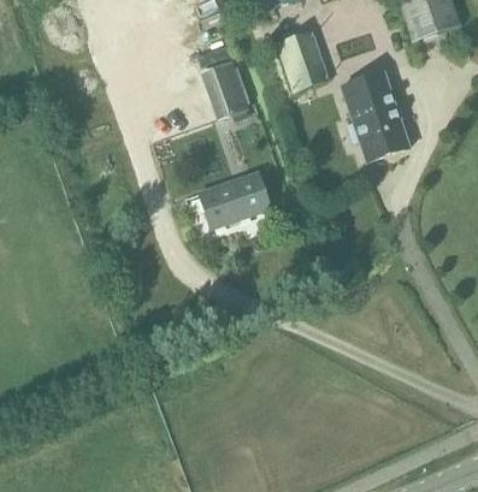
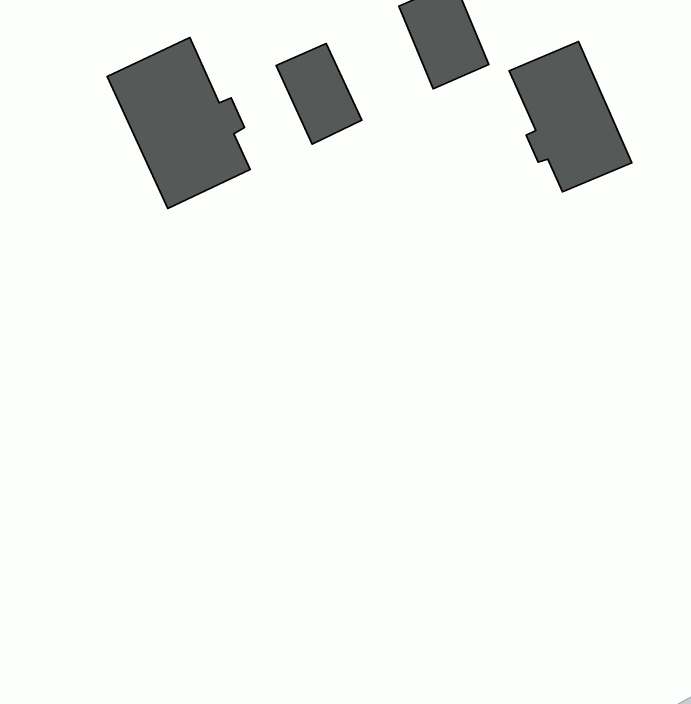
building: none -> [107,38,250,209]
building: [197,171,271,230] -> none

